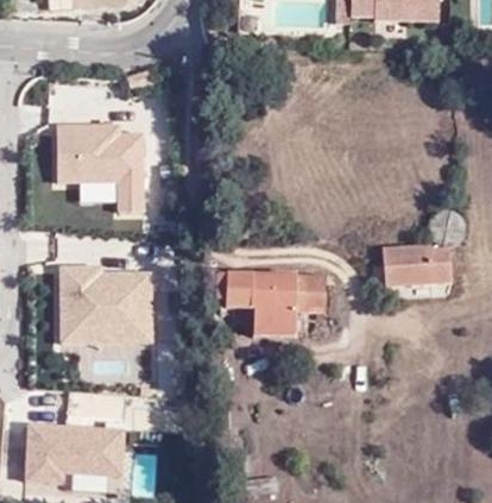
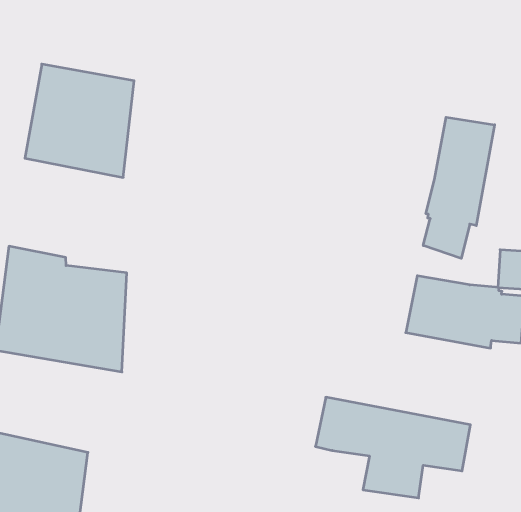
building: none -> [423,117,495,258]
building: [210,269,324,334] -> [315,397,470,498]

